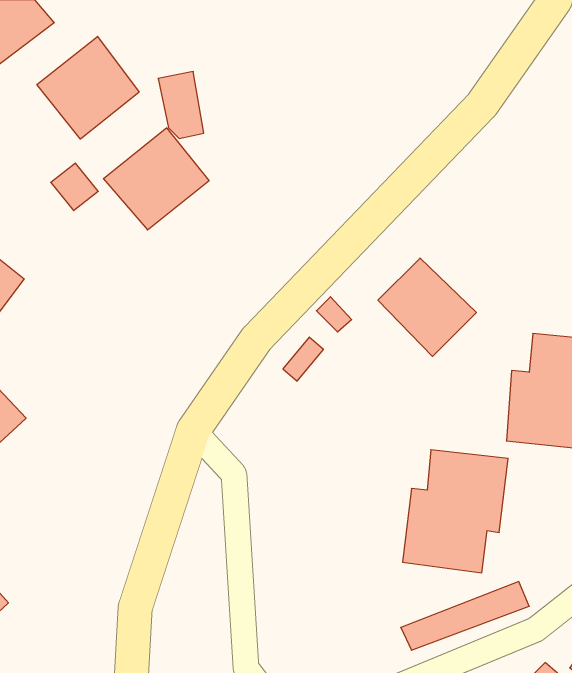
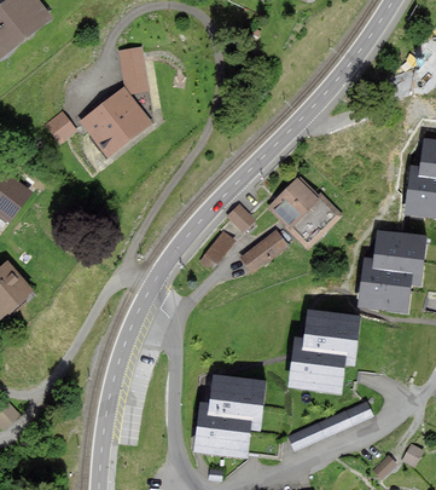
building: [37,36,139,139] -> none
building: none -> [243,232,285,270]
building: none -> [193,375,266,456]

